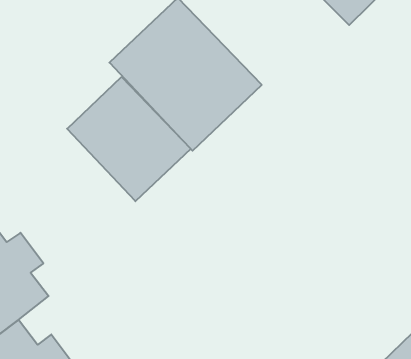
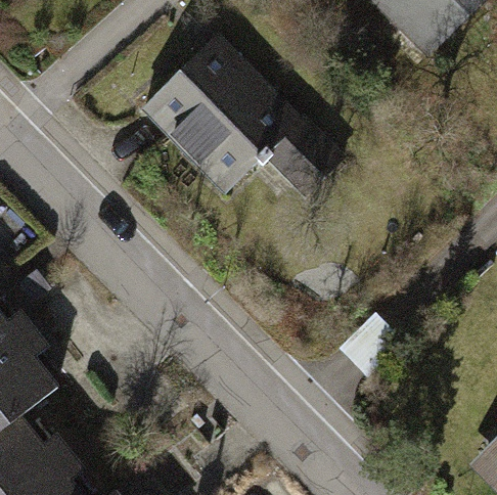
building: [67,77,191,201] -> none

